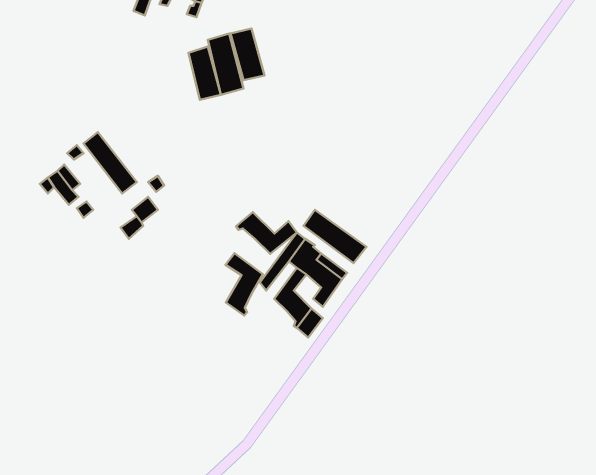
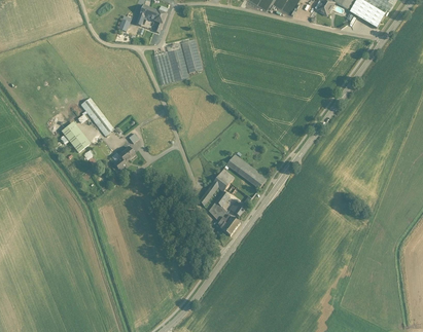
building: [236,212,297,254] -> none
building: [225,253,263,315] -> none

